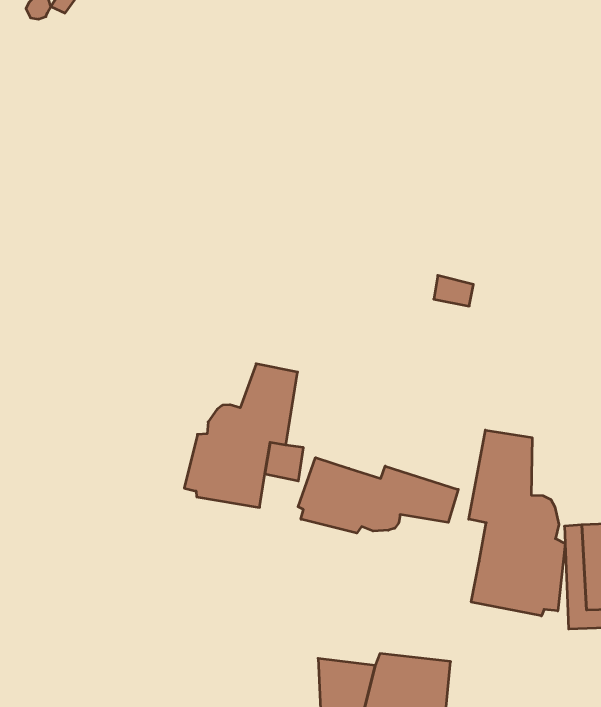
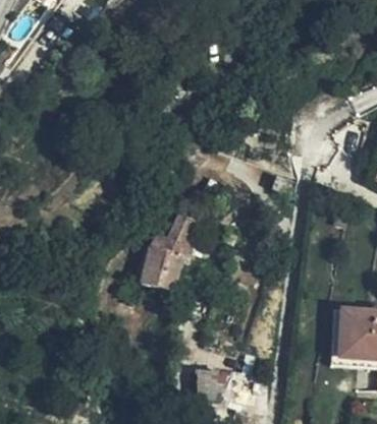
building: [469,430,565,616] -> none
building: [298,458,458,533] -> none

